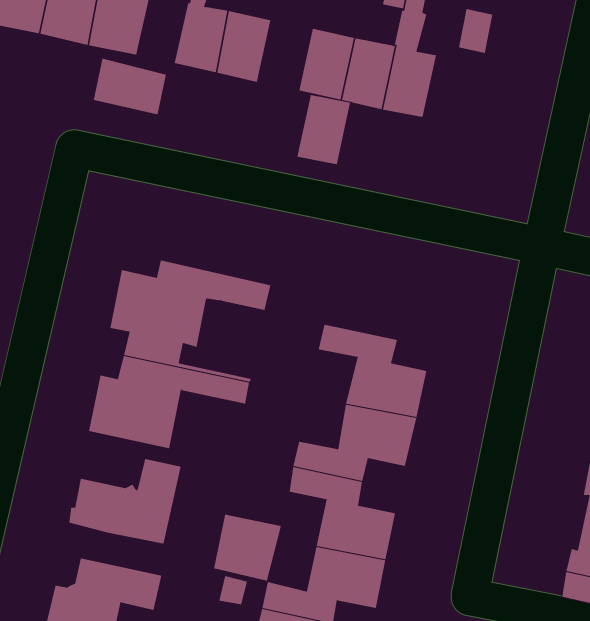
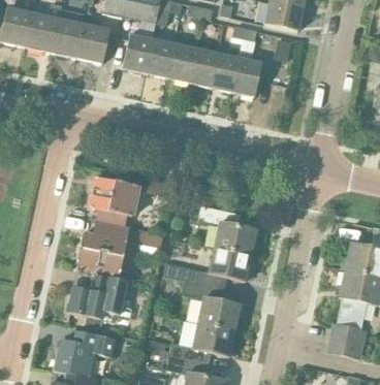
building: [93,58,166,115] -> none
building: [296,95,351,165] -> [166,44,195,82]
building: [213,514,282,581] -> none

